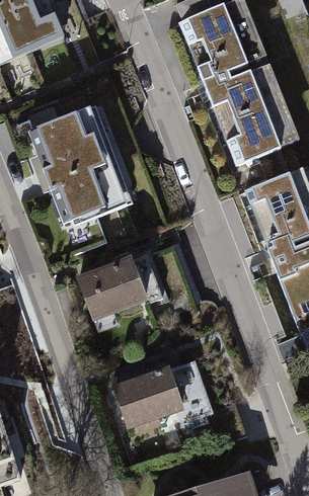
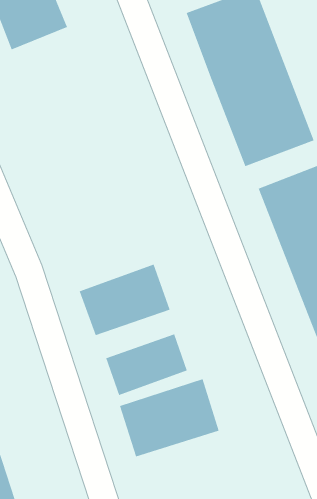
building: [23,102,131,227] -> none
building: none -> [105,334,187,396]

